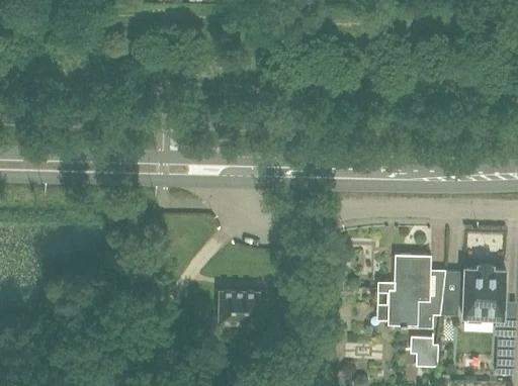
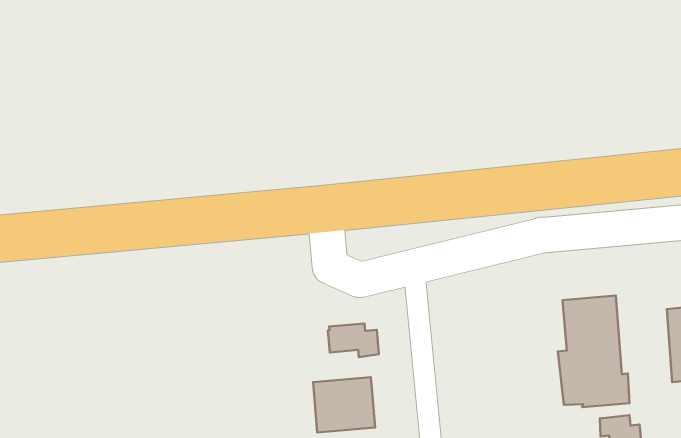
building: none -> [328,324,379,357]
building: [440,271,459,314] -> none

